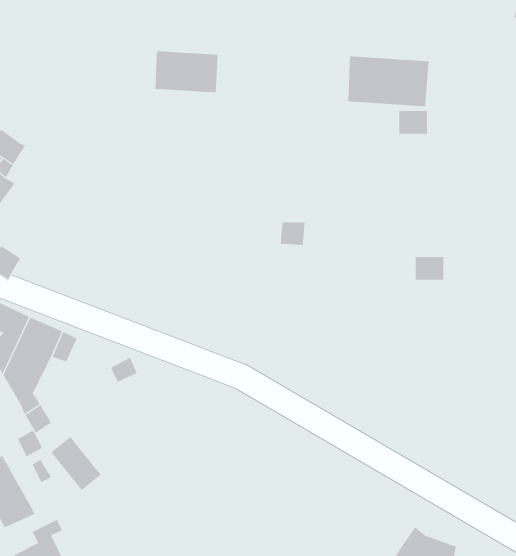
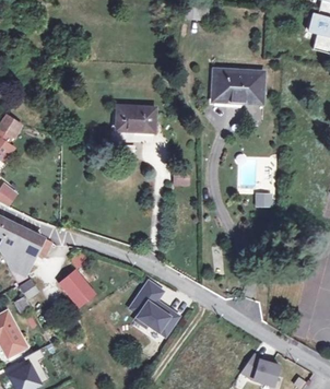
building: [155,51,218,93] -> [117,106,155,131]
building: none -> [129,281,178,335]
building: [50,436,101,491] -> [61,271,92,304]

